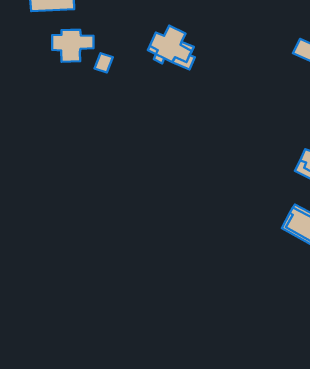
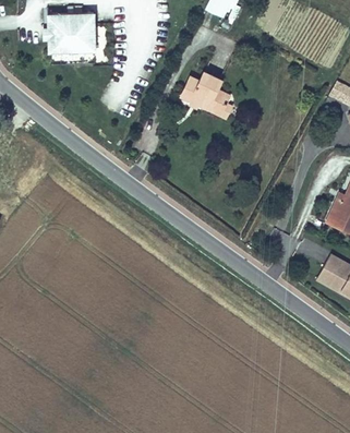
building: [52,30,94,62] -> none

